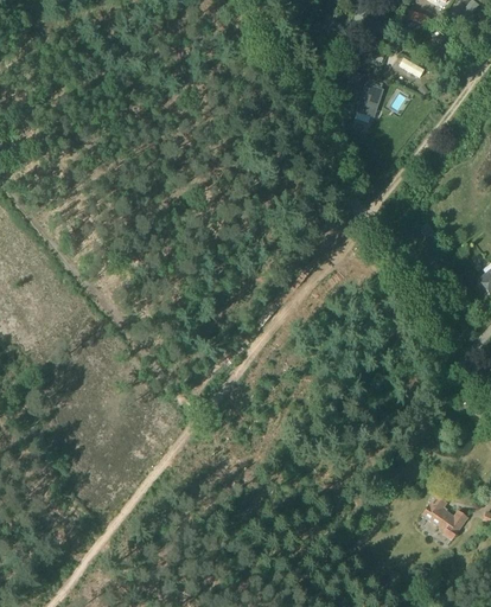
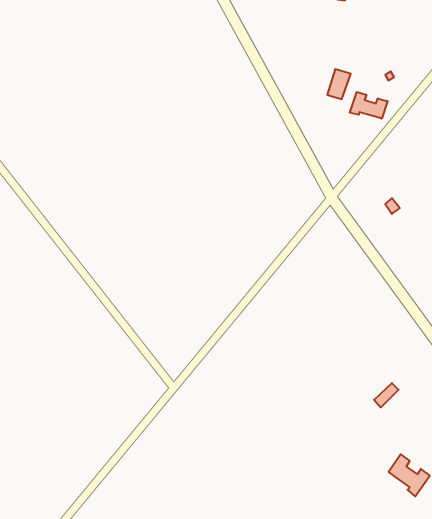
building: none -> [350,92,388,119]

